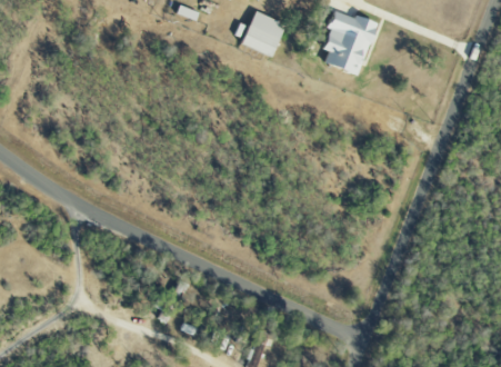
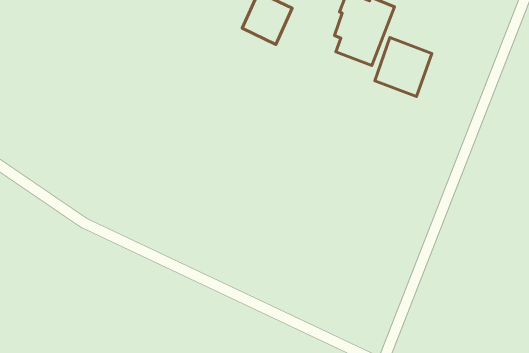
building: none -> [375,38,432,97]

